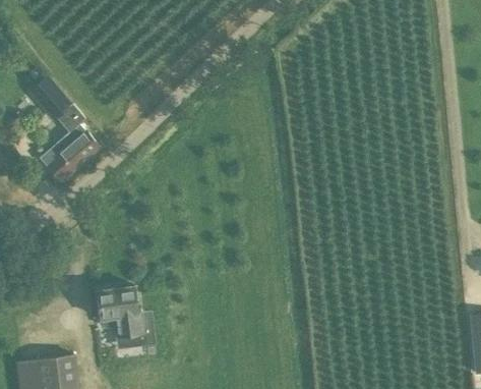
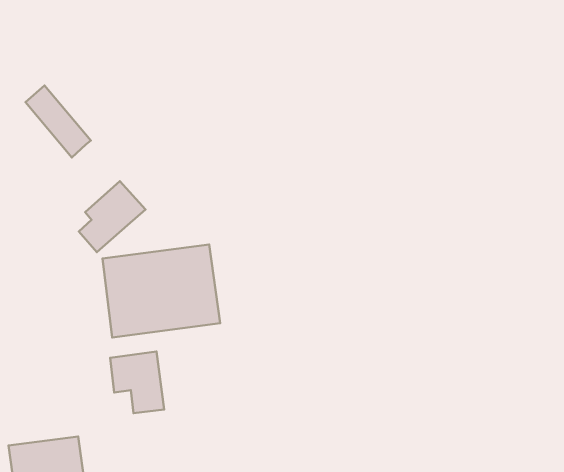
building: [47,125,100,181] -> [79,181,146,252]
building: none -> [102,245,220,338]

